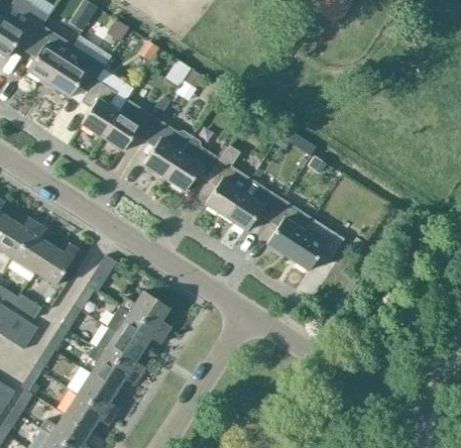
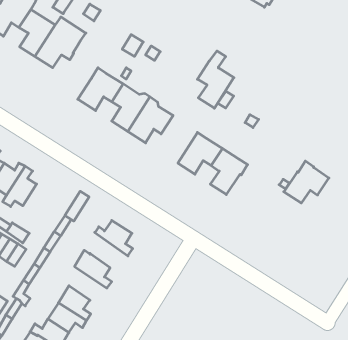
building: [82,69,133,138] -> none
building: [205,146,250,218] -> [197,51,234,108]
building: [286,219,343,271] -> [284,161,329,203]
building: [32,243,77,286] -> none
building: [109,305,163,349] -> none
building: [89,347,137,389] -> none

